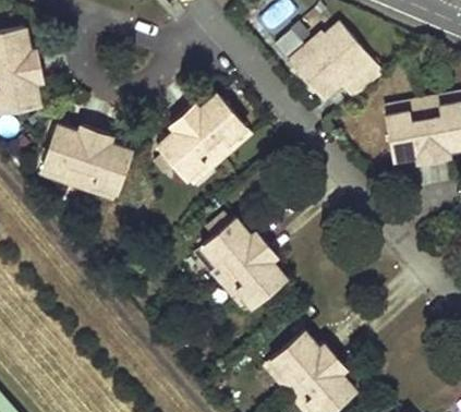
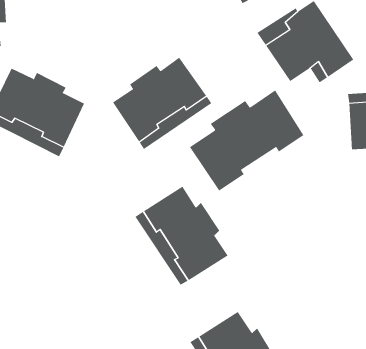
building: none -> [189,90,304,192]

